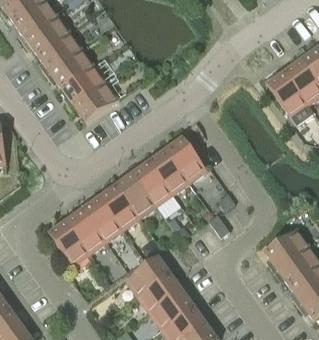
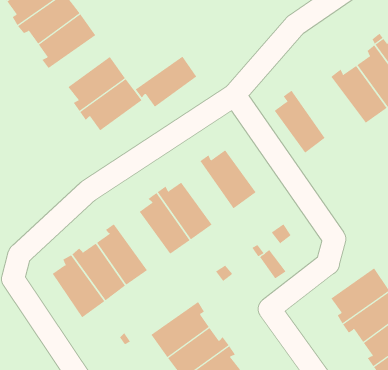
building: [46,48,94,88] -> [135,56,197,108]
building: [149,145,189,194] -> [274,90,325,154]
building: [97,184,140,229] -> none

